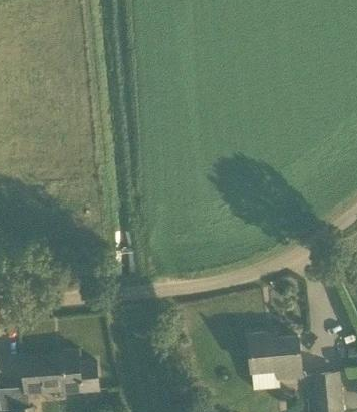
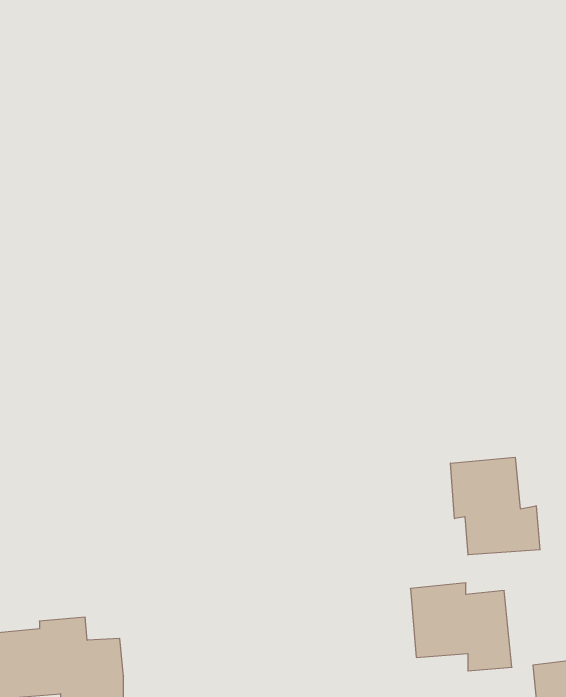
building: none -> [451,457,540,555]

